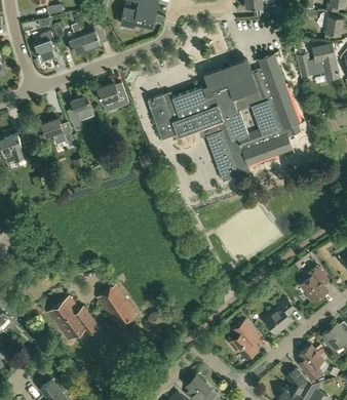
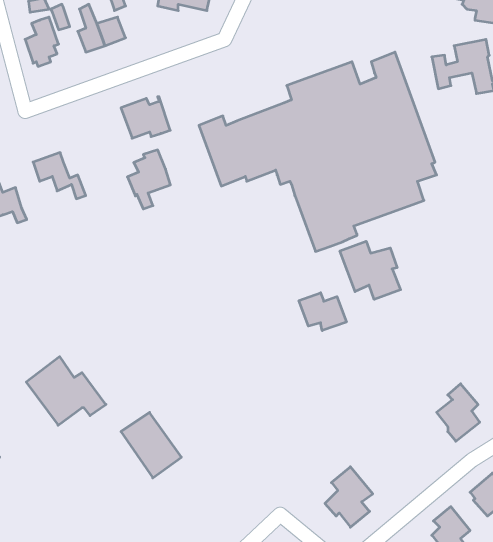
building: [67,93,94,131] -> [127,150,170,209]
building: none -> [340,241,401,299]
building: none -> [299,293,346,331]
building: [48,296,100,341] -> [26,357,106,425]
building: [264,297,295,334] -> none

